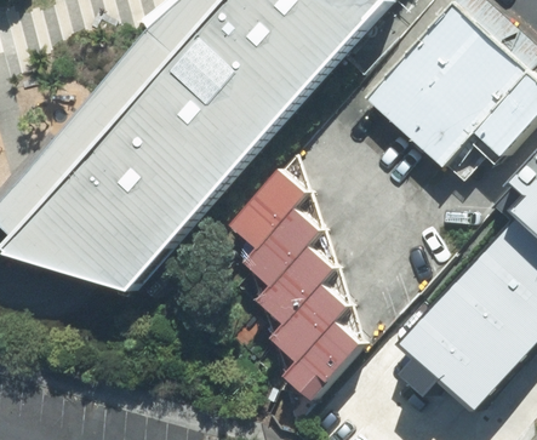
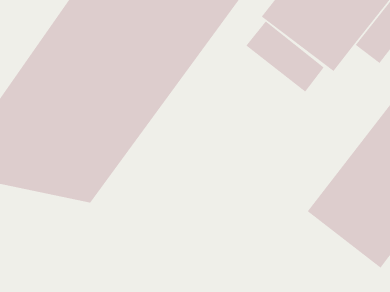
building: none -> [245,20,325,92]
building: [227,176,359,402] -> none

